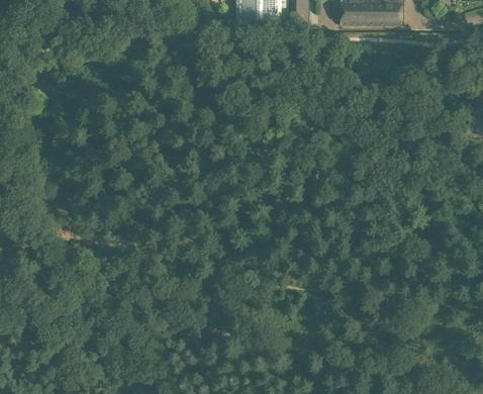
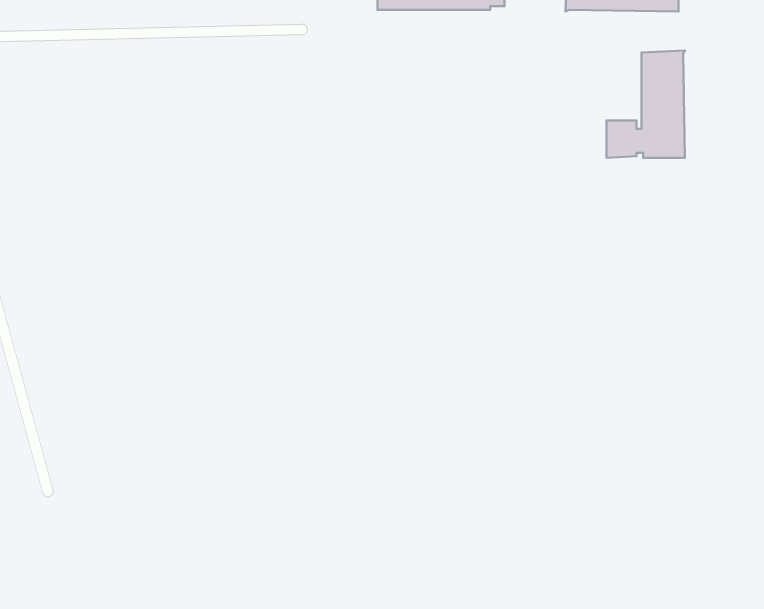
building: none -> [606,51,685,158]

